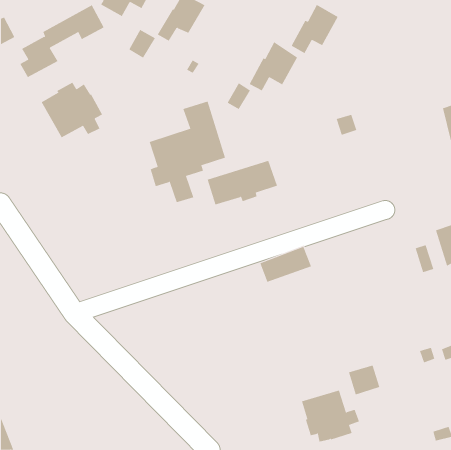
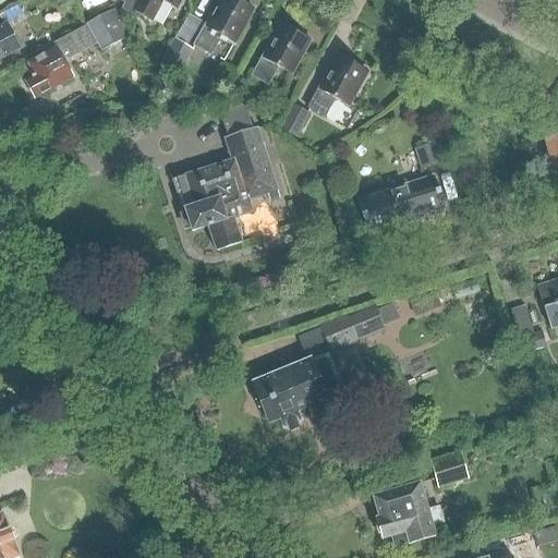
building: [291,4,339,54] -> [252,22,311,83]
building: [41,82,103,138] -> none
building: [207,160,278,205] -> [359,173,446,229]
building: none -> [253,354,342,429]

